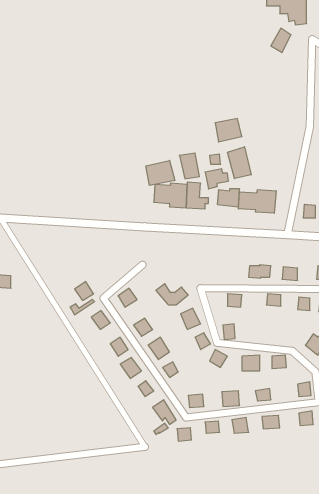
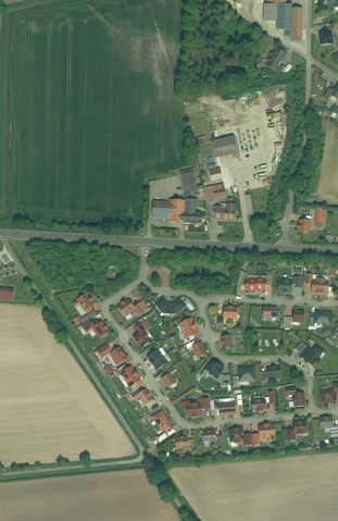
building: [227,147,251,179] -> none
building: [146,160,175,185] -> none
building: [238,190,276,213] -> none

